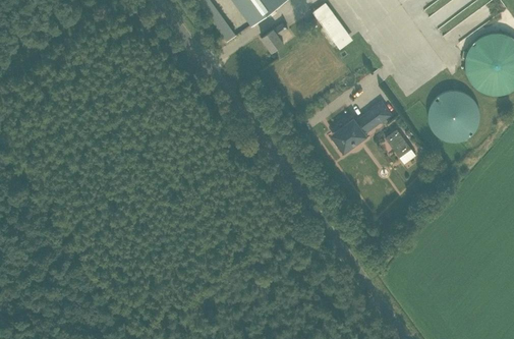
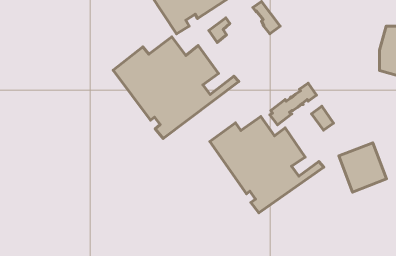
building: none -> [113,37,239,138]
building: [425,86,482,145] -> [339,143,387,192]
building: none -> [210,116,324,213]

